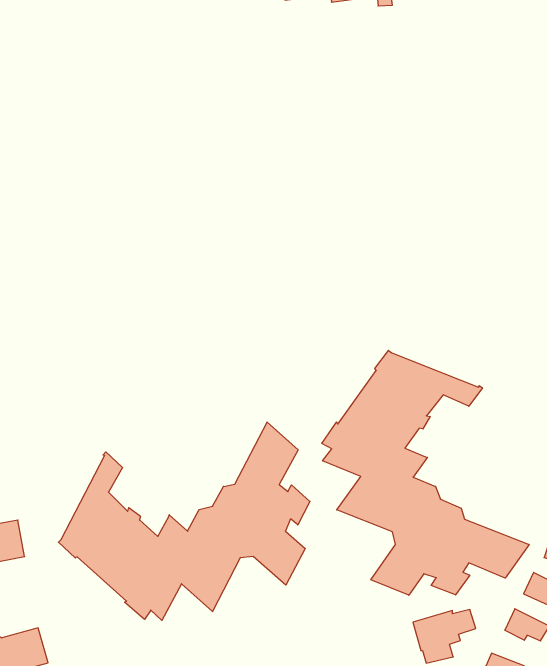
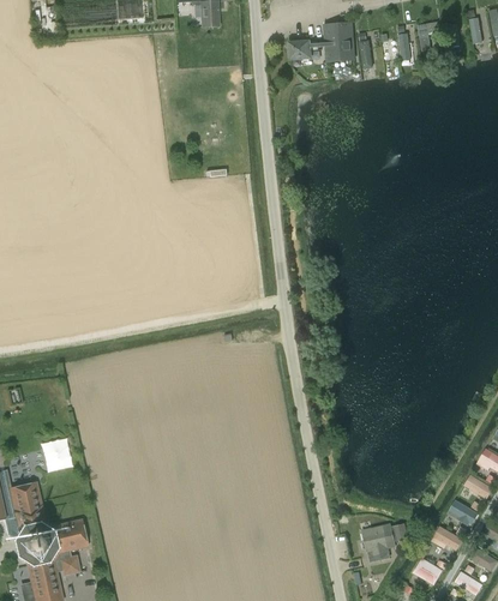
building: [322,350,529,595] -> none
building: [58,422,310,620] -> none

